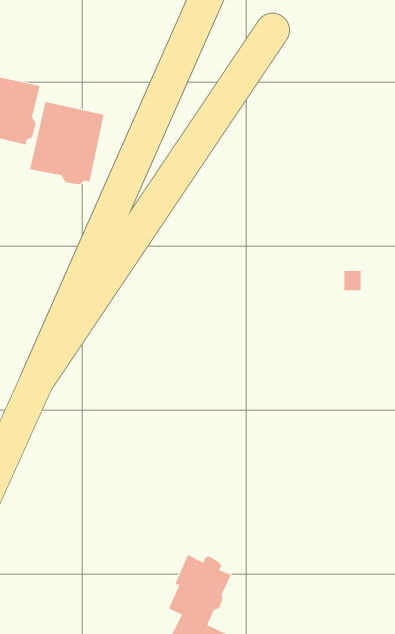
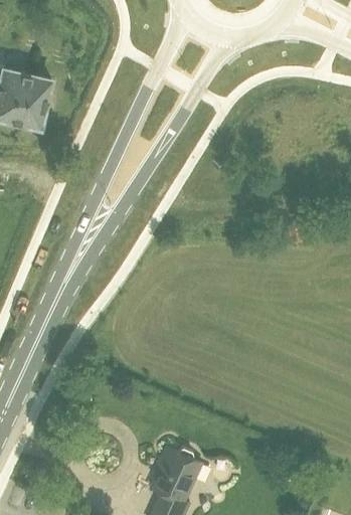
building: [29,101,104,185] -> none

